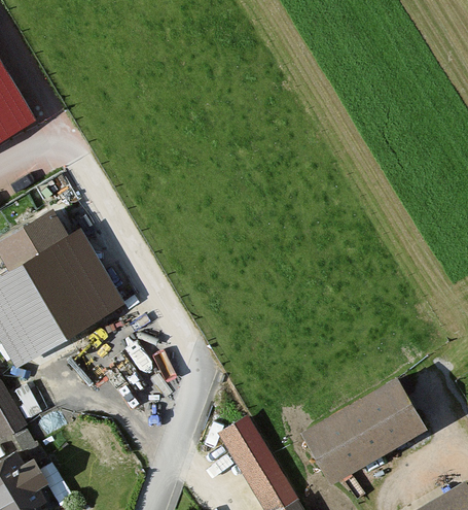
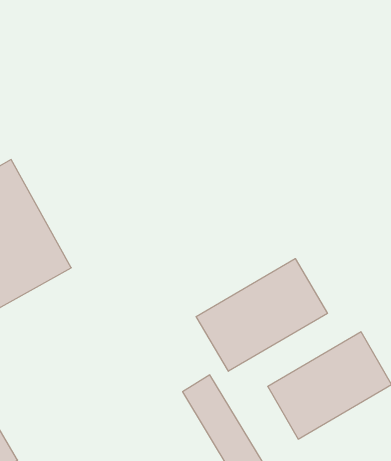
building: none -> [196,259,327,371]

